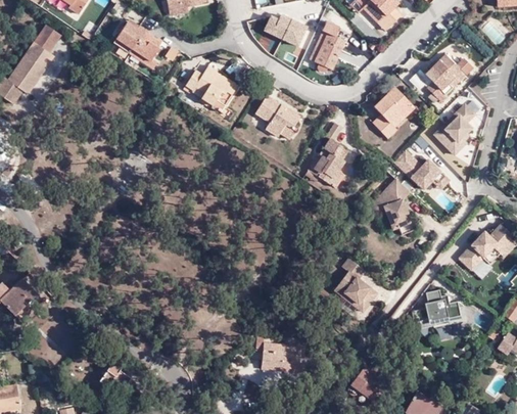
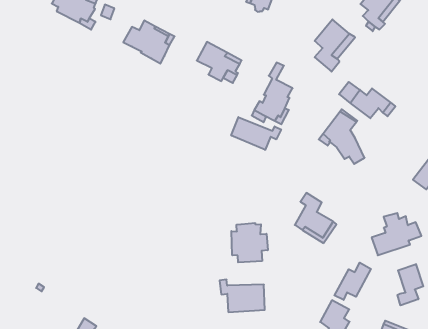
building: [437,104,477,154] -> none
building: none -> [231,117,281,150]
building: none -> [231,223,268,262]
building: none -> [334,263,371,300]
building: none -> [397,264,423,305]

